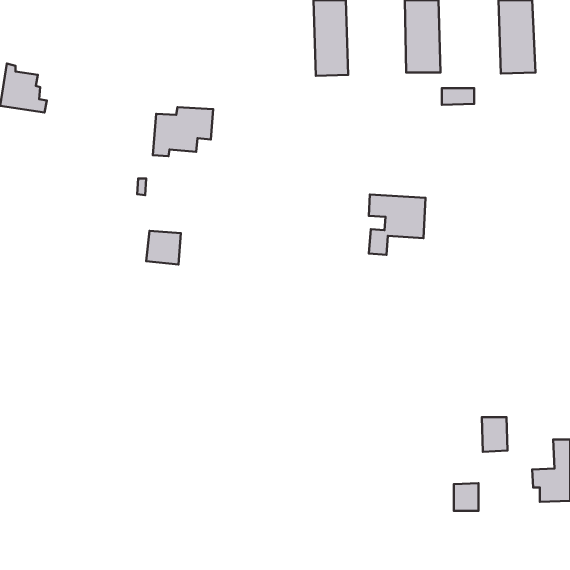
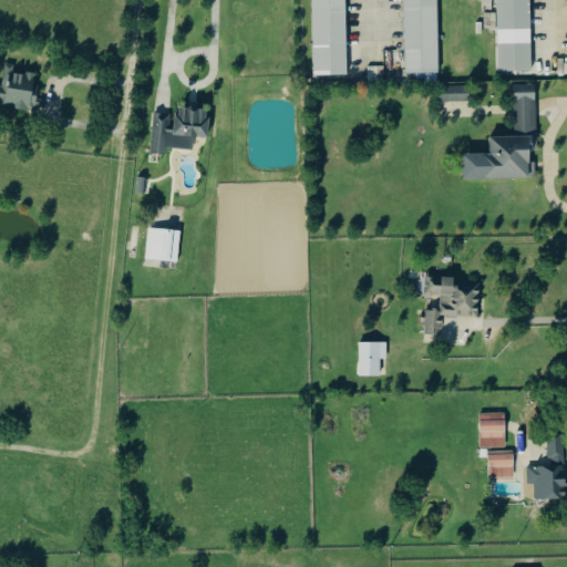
building: none -> [465,85,538,179]
building: [369,195,426,255] -> [425,276,482,336]
building: none -> [358,343,379,377]
building: [454,483,478,511] -> [491,450,515,477]

